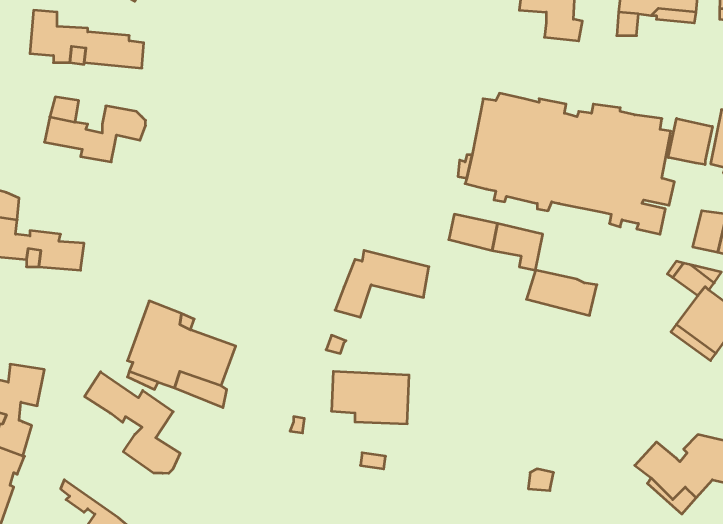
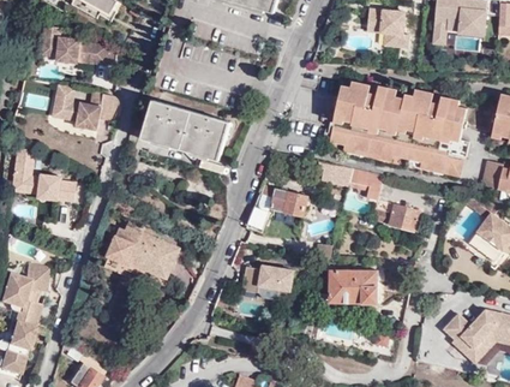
building: [668,118,712,165] -> none
building: none -> [142,99,230,161]
building: [85,372,180,473] -> none
building: none -> [329,269,377,303]

